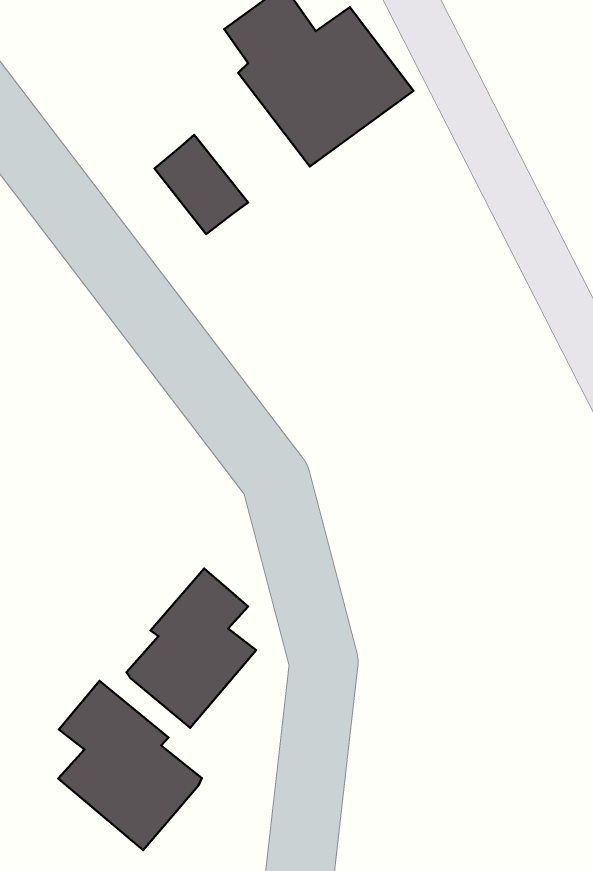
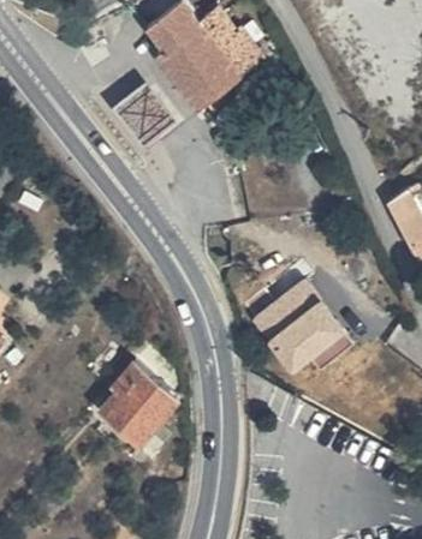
building: none -> [251,279,344,371]
building: [58,681,202,850] -> none

